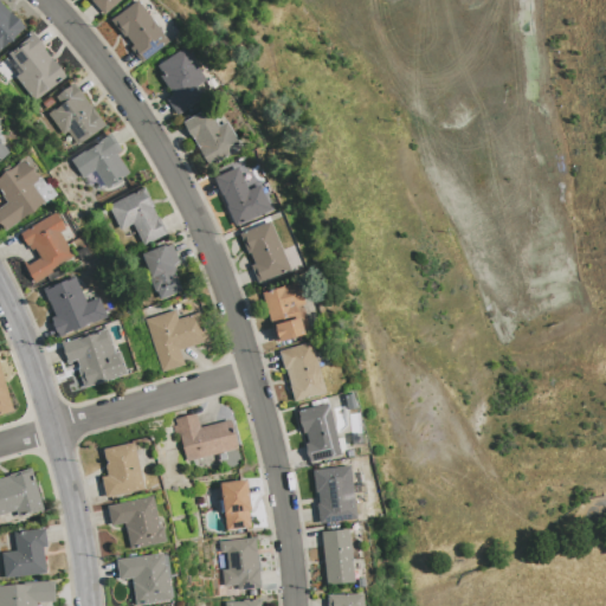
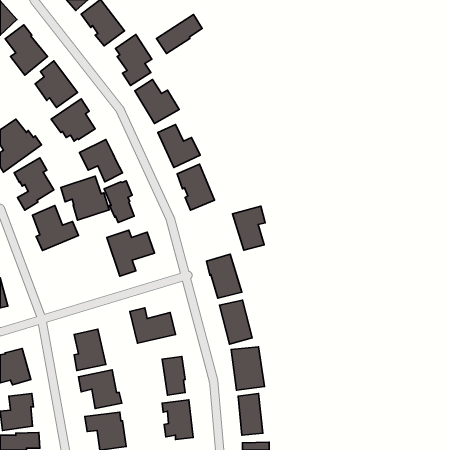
building: none -> [156,15,202,54]
building: [262,282,305,341] -> [233,206,265,250]
building: [62,328,127,387] -> [61,176,109,220]

